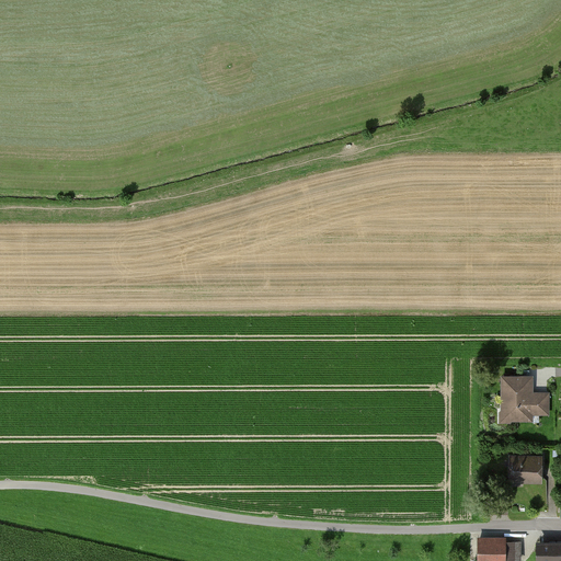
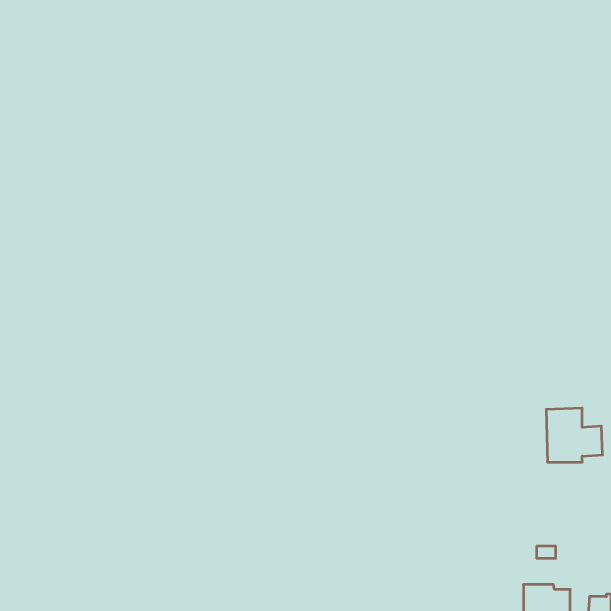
building: [507,454,541,484] -> none

